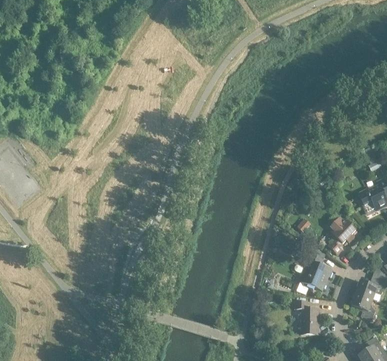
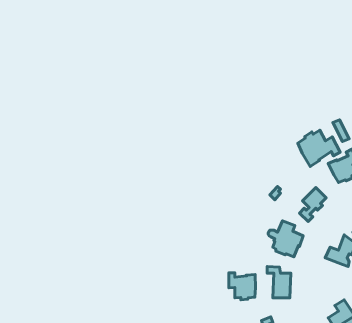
building: none -> [298,130,340,167]
building: [350,292,375,320] -> none
building: none -> [229,273,256,300]

